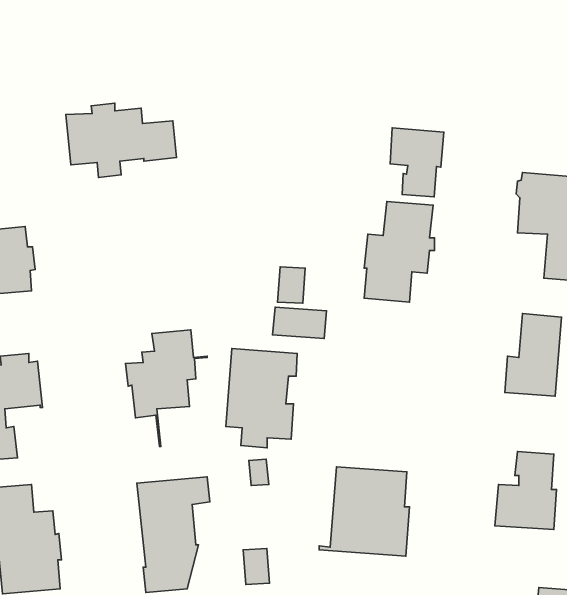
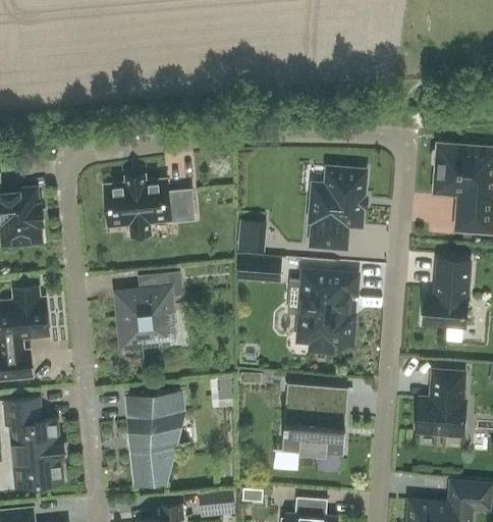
building: [66,103,176,177] -> [105,175,195,236]
building: [390,128,444,197] -> none
building: [226,349,297,448] -> [298,270,357,351]
building: [243,548,269,584] -> none

